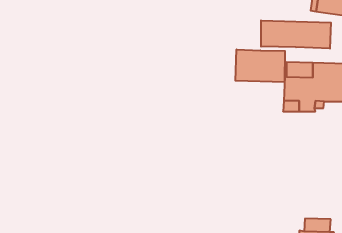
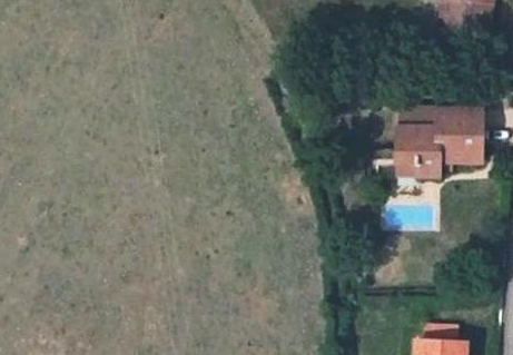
building: [261,20,331,49] -> none
building: [235,49,285,82] -> none

